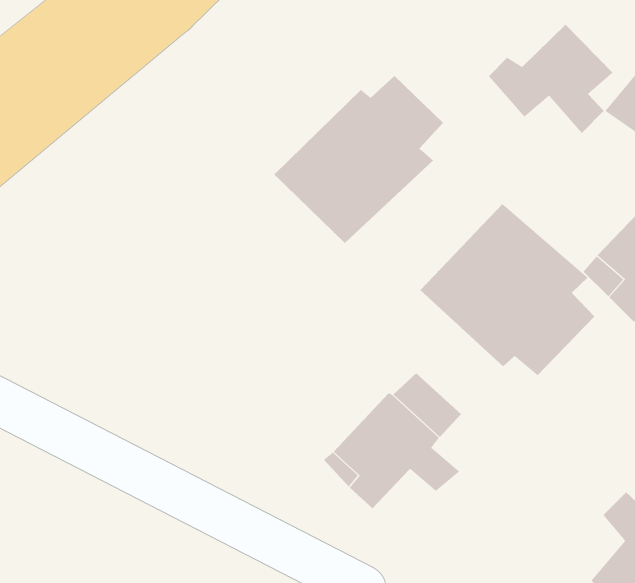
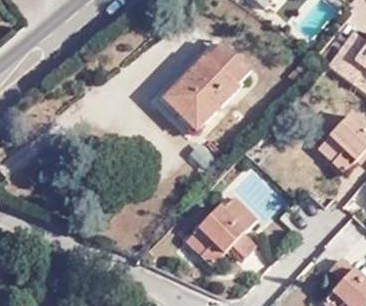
building: [488,24,613,134] -> none
building: [420,203,595,376] -> none

